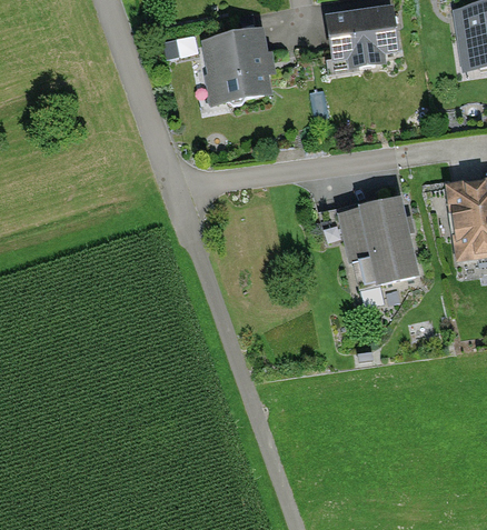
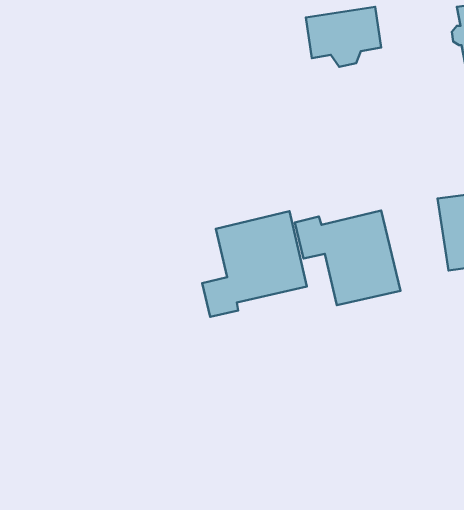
building: [208,31,267,100] -> none
building: none -> [202,211,307,317]

